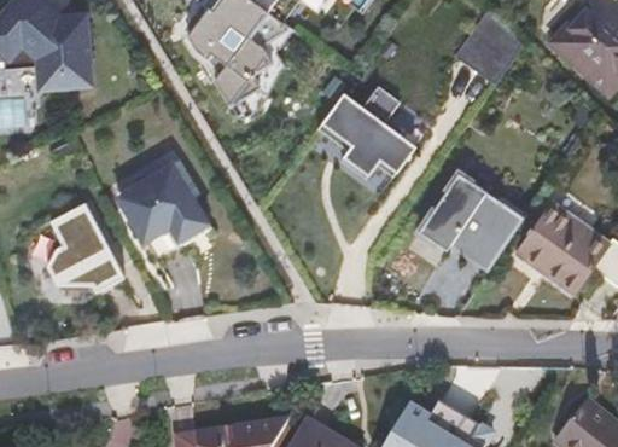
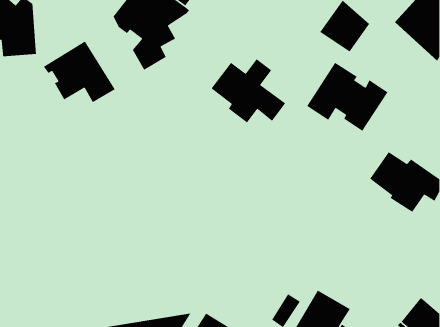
building: [116,164,211,246] -> [43,41,116,103]
building: [418,175,525,267] -> [306,62,388,132]
building: [46,202,123,291] -> none

